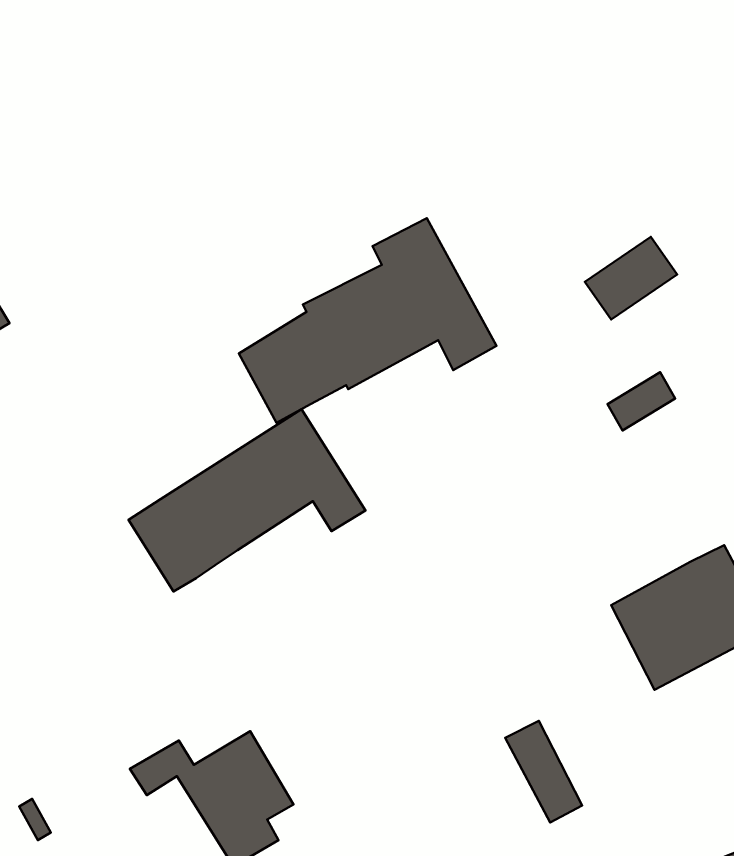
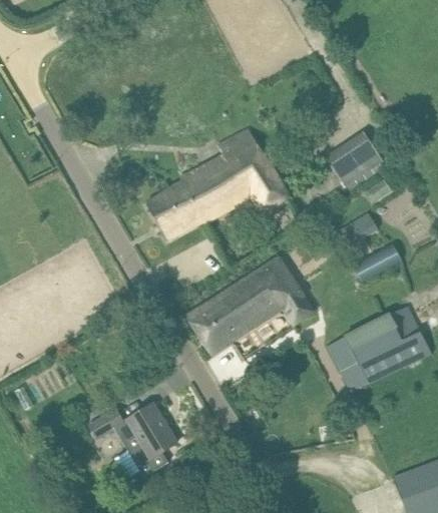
building: [129,409,365,591] -> [186,256,313,354]
building: none -> [354,241,404,283]
building: [505,721,582,822] -> [328,337,369,391]

